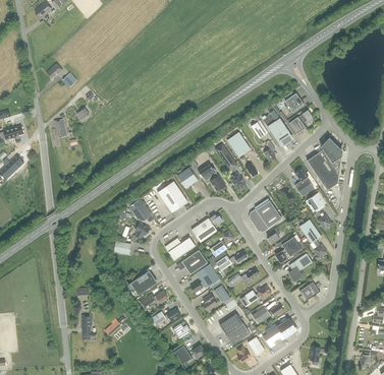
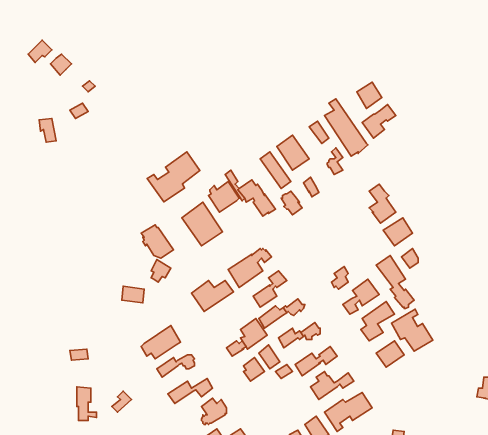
building: [307,137,342,189] -> none
building: none -> [147,152,200,202]
building: [250,199,282,230] -> none
building: [176,249,208,273] -> none
building: none -> [391,309,433,351]
building: [219,312,250,345] -> none

